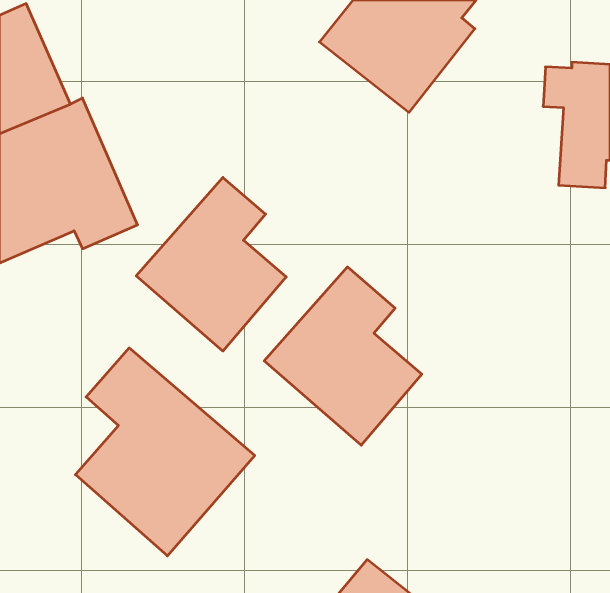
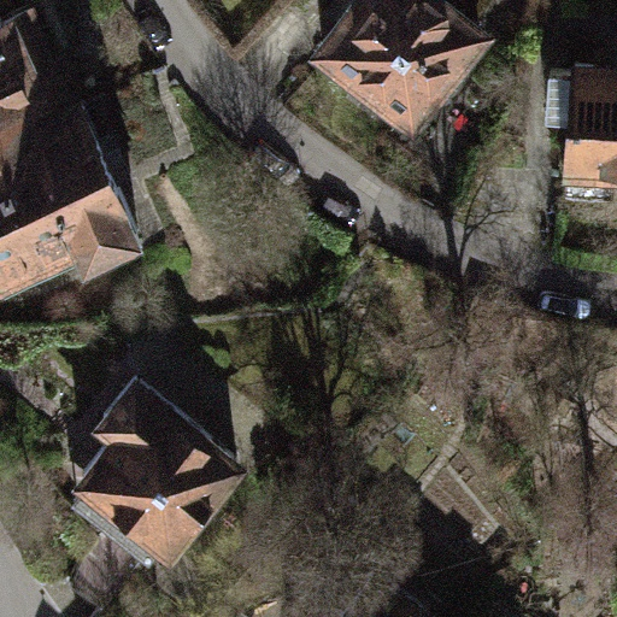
building: [136,177,286,351] -> none
building: [264,267,422,445] -> none

